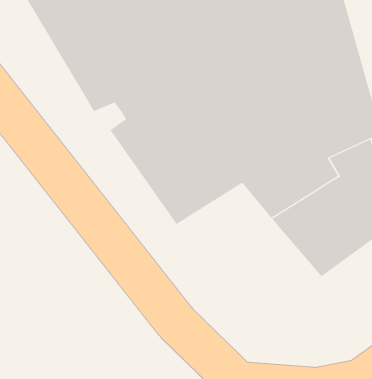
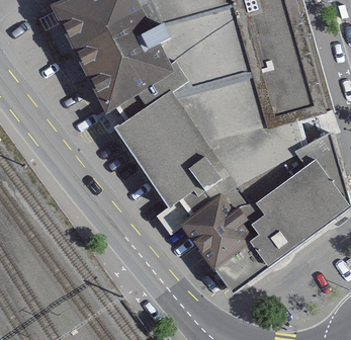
building: none -> [164,173,284,291]

